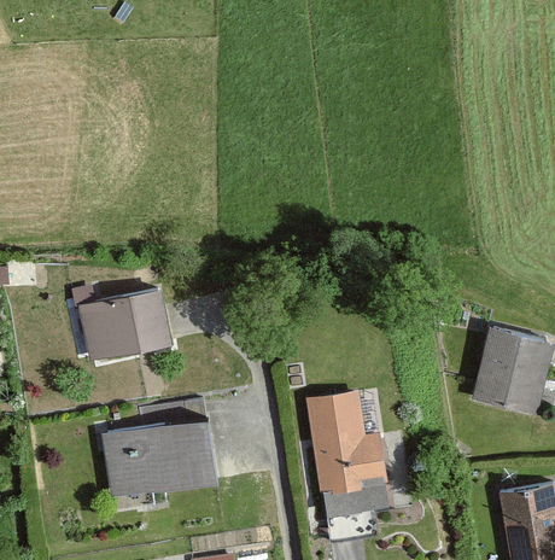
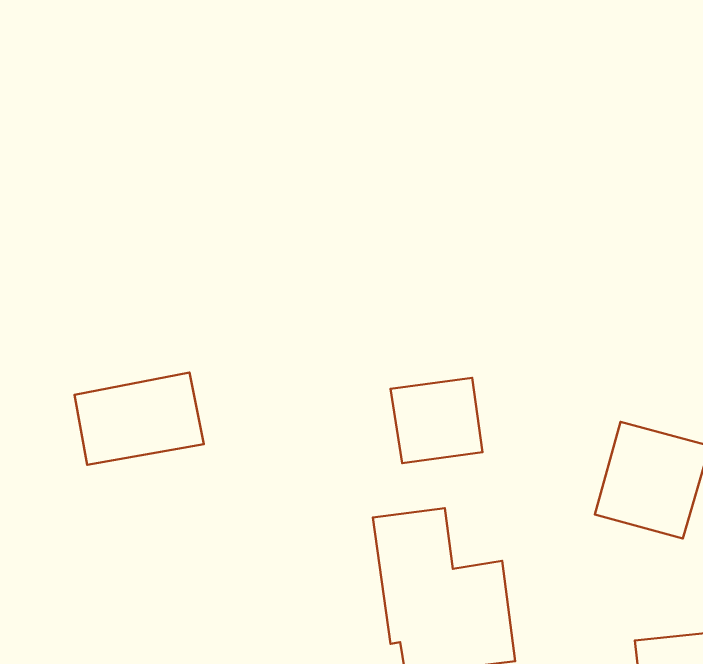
building: none -> [390,378,483,463]
building: [100,421,220,496] -> none

